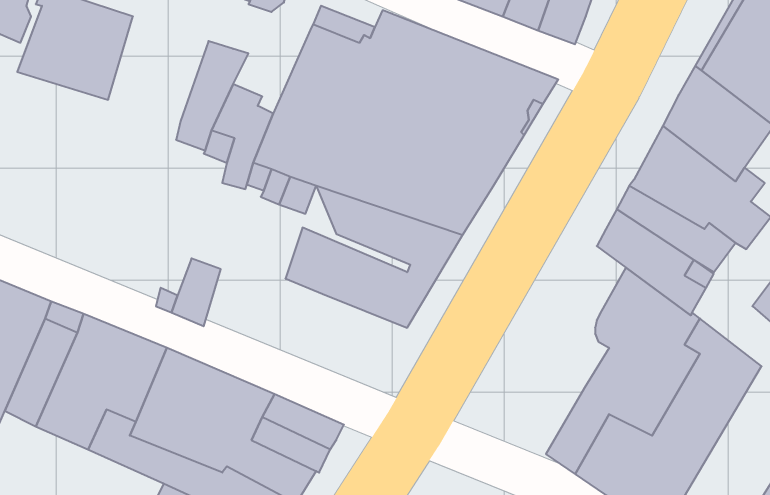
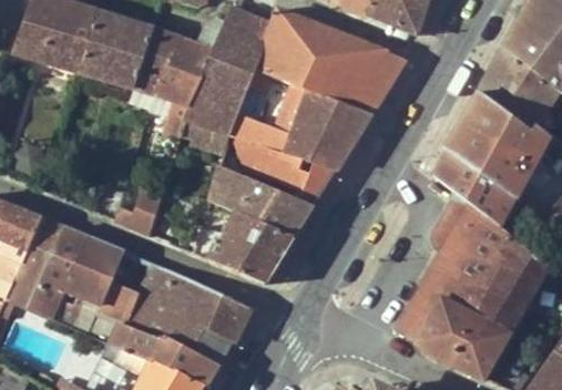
building: none -> [81,13,153,89]
building: none -> [171,18,227,83]
building: none -> [194,213,296,284]

